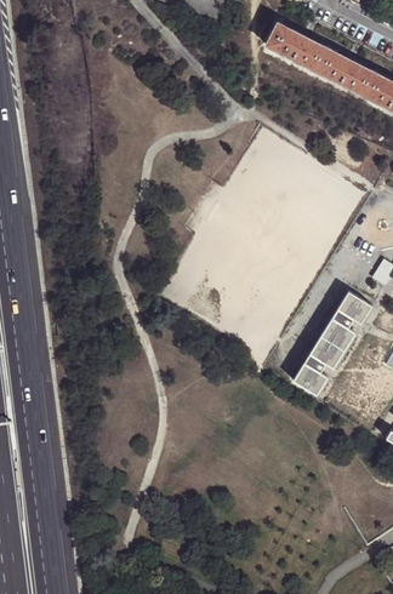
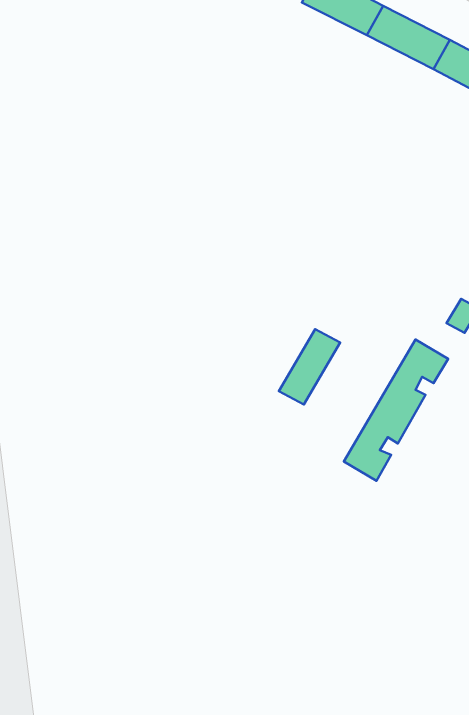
building: none -> [279,329,340,405]

